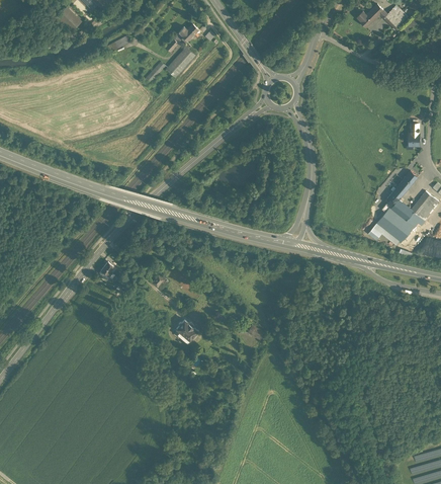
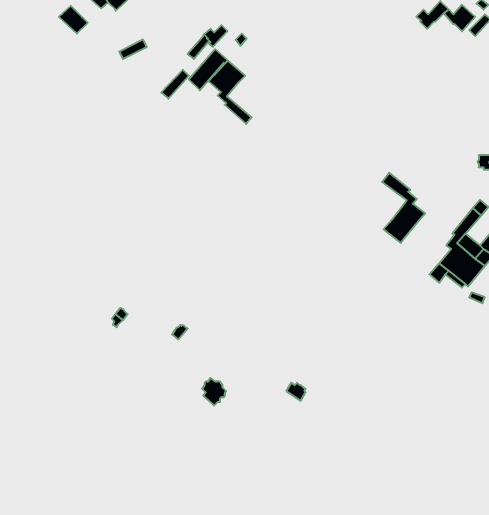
building: none -> [208,60,252,124]
building: none -> [382,173,425,243]

